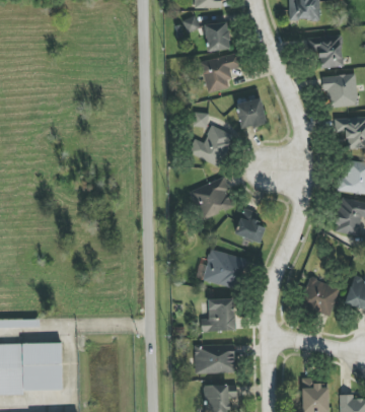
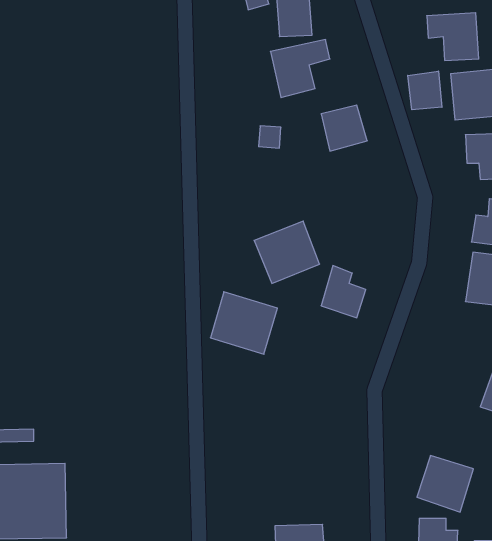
building: none -> [408,71,442,110]
building: [189,125,233,165] -> none
building: [202,248,247,290] -> [210,292,277,354]
building: [300,277,339,316] -> [417,456,473,512]
building: [200,298,235,331] -> none
building: [194,344,235,373] -> none

